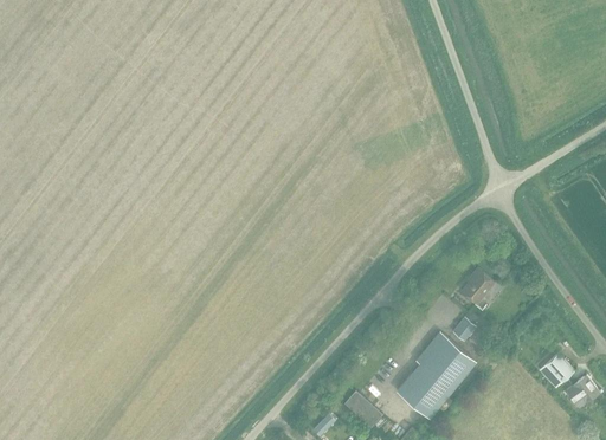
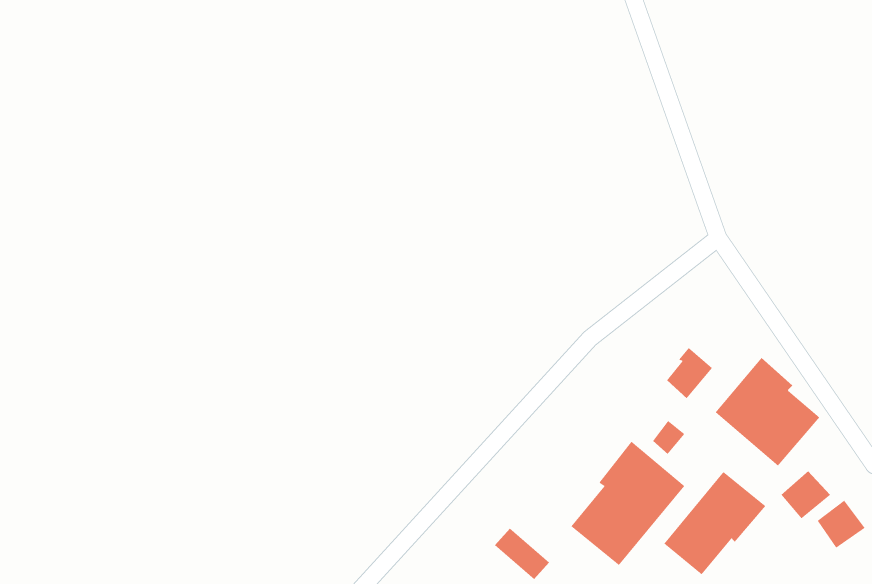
building: none -> [715,357,820,466]
building: none -> [664,471,766,575]

